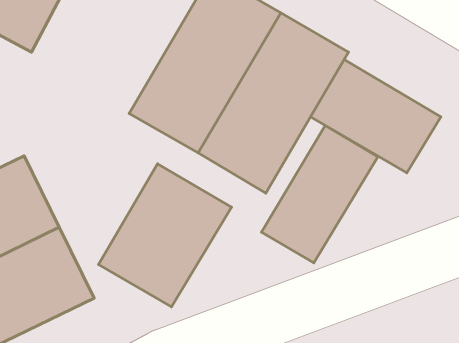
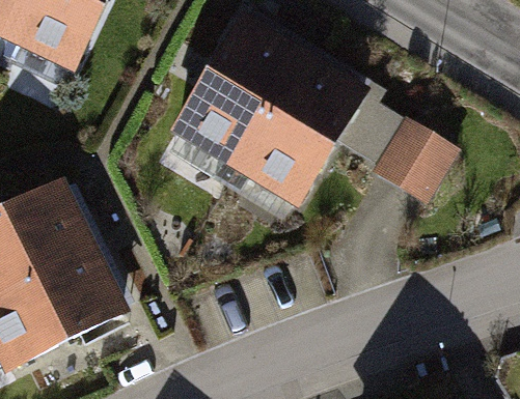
building: [262,125,378,263] -> none
building: [98,164,231,307] -> none

